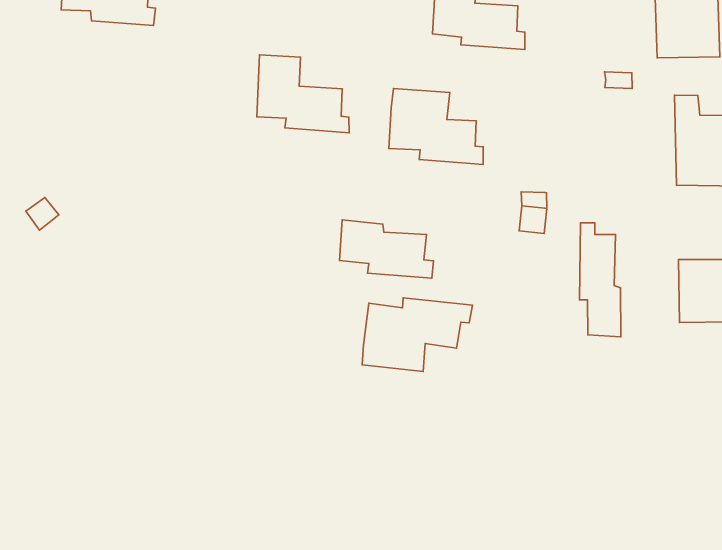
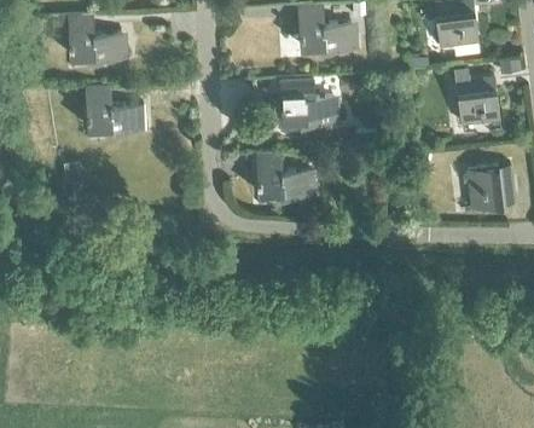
building: [257,55,349,133] -> [85,88,145,133]
building: [580,223,621,337] -> none
building: [362,298,473,371] -> none

